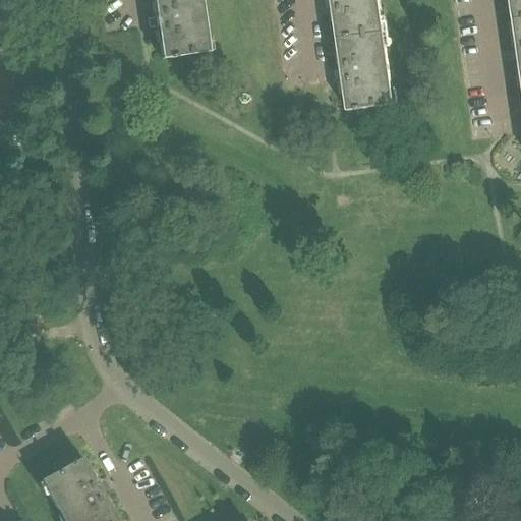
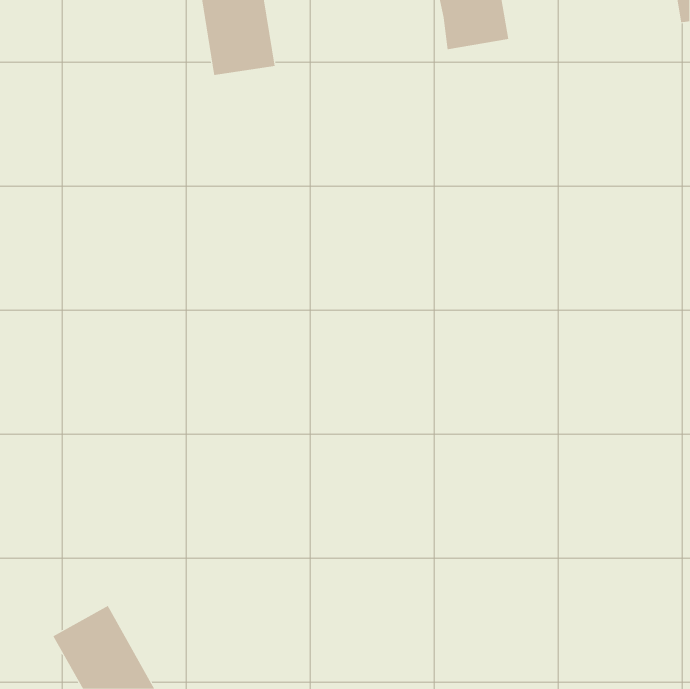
building: [337,30,394,110] -> none

